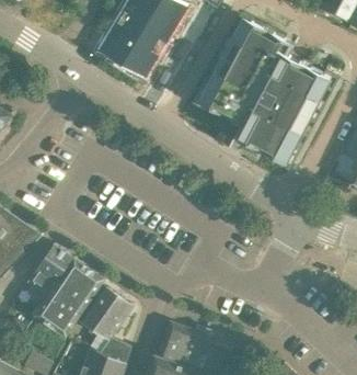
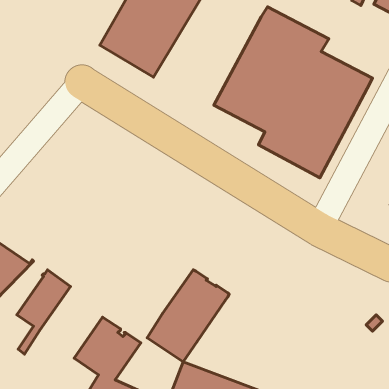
building: [33,257,103,336] -> [147,270,229,362]

